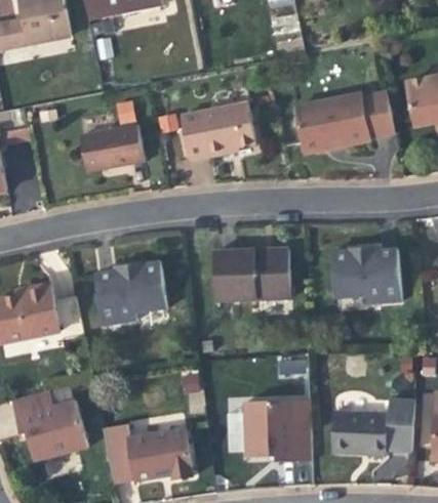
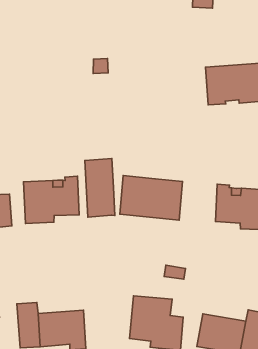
building: [183,101,257,159] -> none
building: [81,124,146,171] -> none
building: none -> [85,159,115,217]

